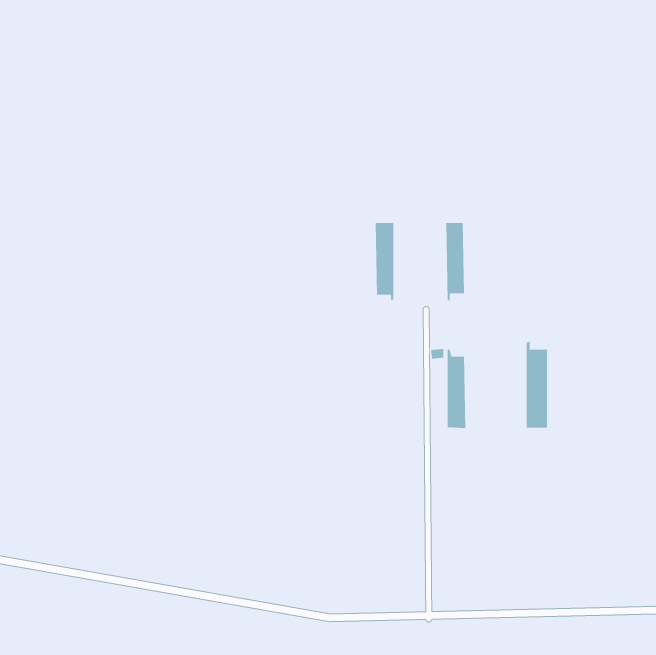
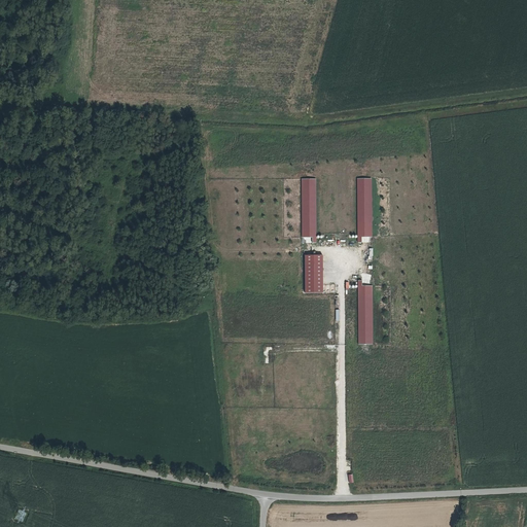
building: none -> [305,254,323,291]
building: [526,341,548,429] -> none

